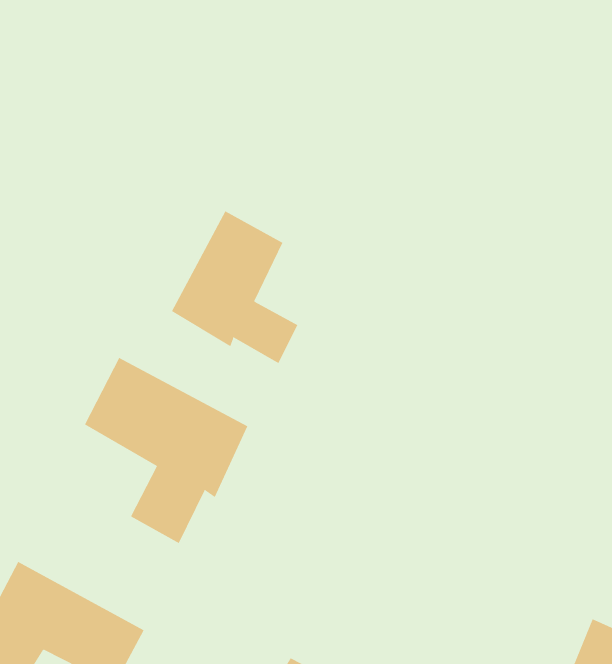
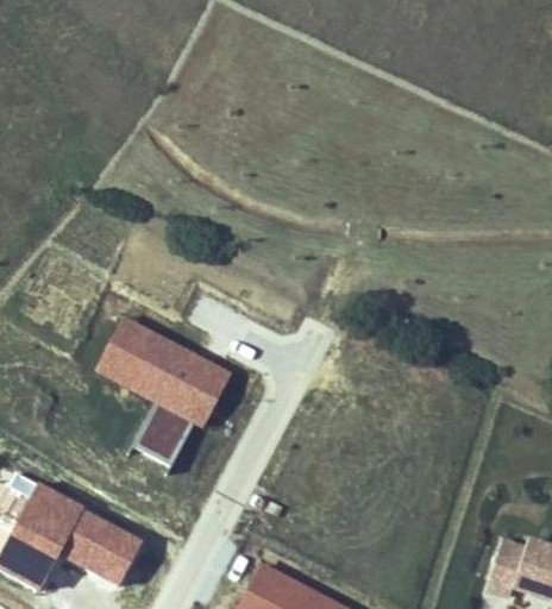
building: [171,211,298,364] -> none

